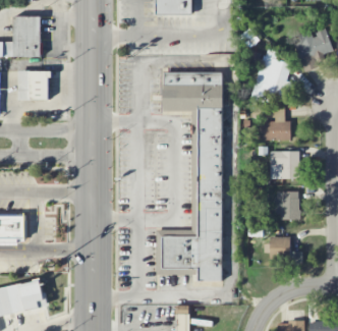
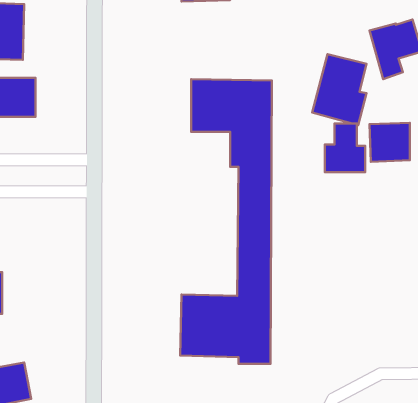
building: [269,151,298,179] -> [370,123,410,162]
building: [274,191,299,219] -> none
building: [270,236,301,263] -> none

